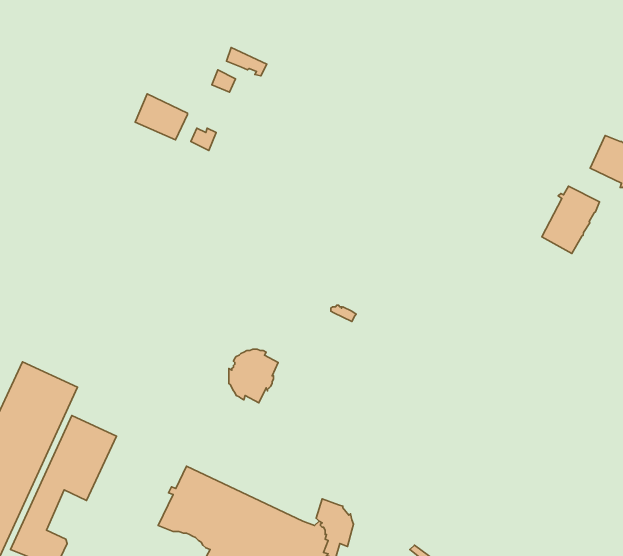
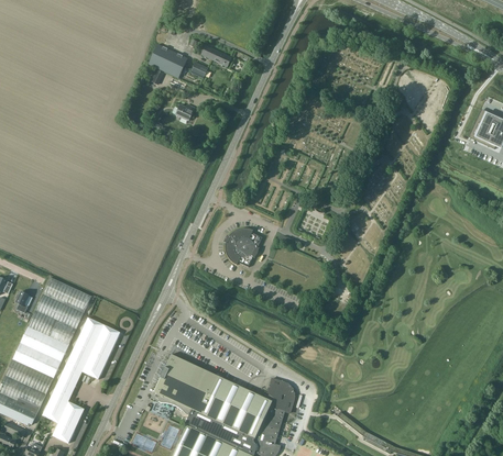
building: [135,94,187,140] -> [149,44,187,78]
building: [542,186,600,253] -> none
building: [229,349,278,403] -> [226,227,262,267]

